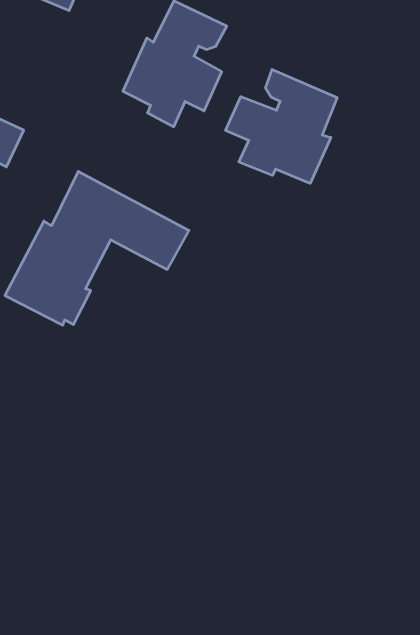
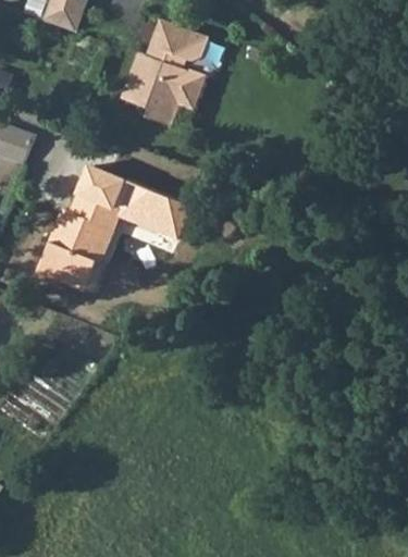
building: [226,69,337,183] -> none

